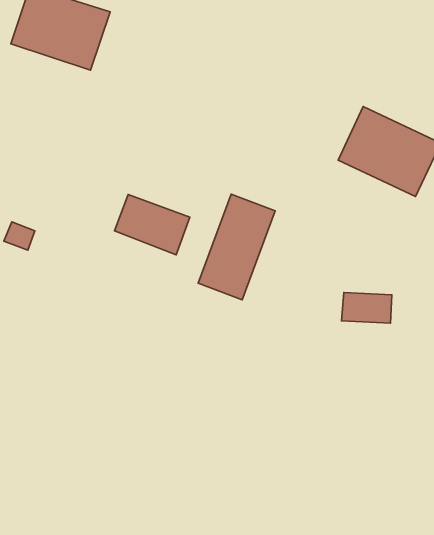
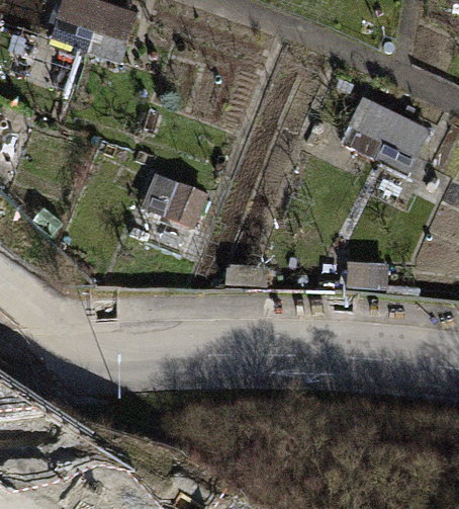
building: [198,194,275,300] -> none

